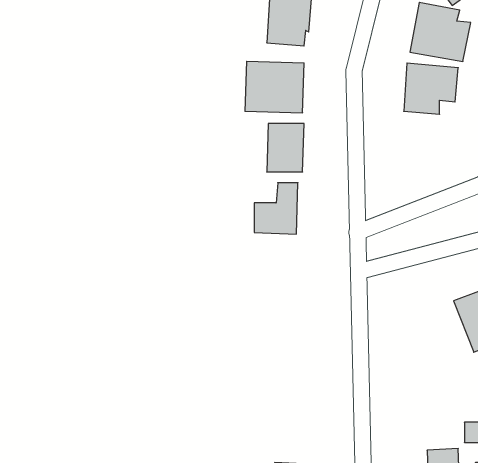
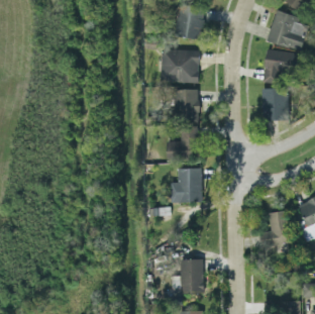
building: none -> [261,89,289,120]
building: none -> [170,168,202,203]
building: none -> [259,210,291,250]
building: none -> [179,259,204,294]

